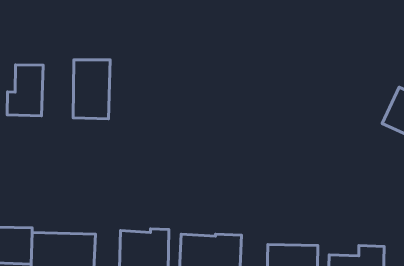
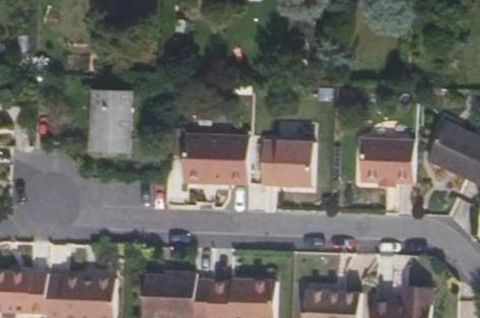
building: [7,65,43,116] -> none
building: none -> [180,131,248,181]
building: none -> [359,137,413,181]
building: none -> [263,140,317,186]

